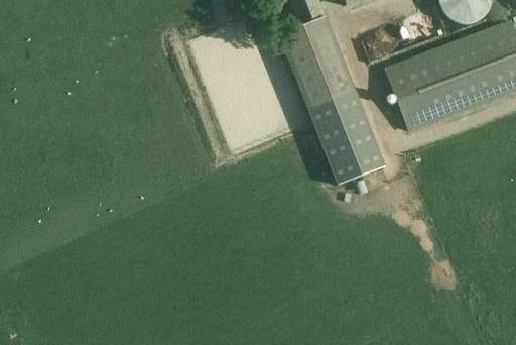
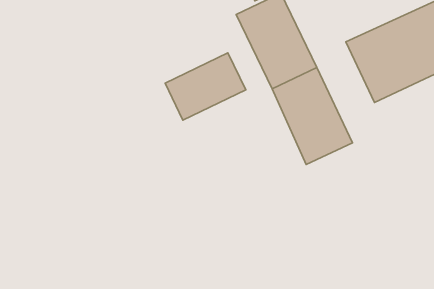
building: none -> [165,53,246,120]

